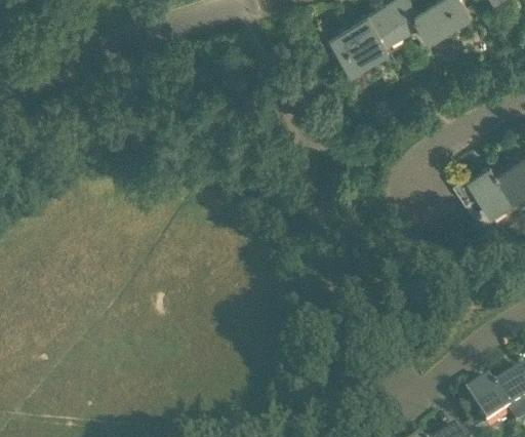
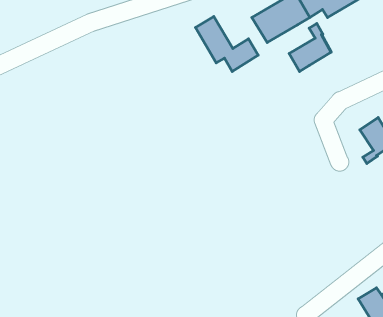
building: none -> [196,17,258,71]
building: none -> [289,23,331,72]

